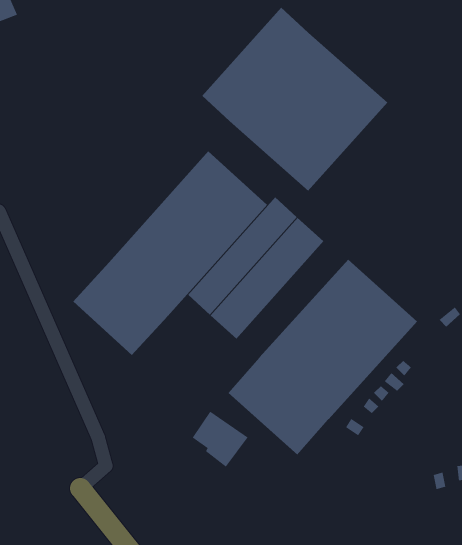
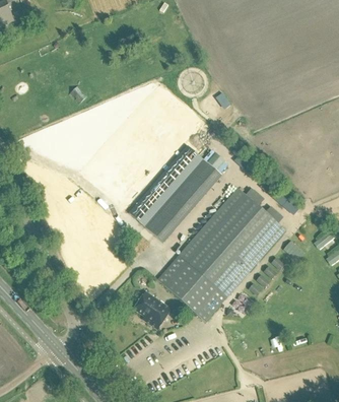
building: [201,7,388,191] -> none
building: [72,151,268,356] -> none

